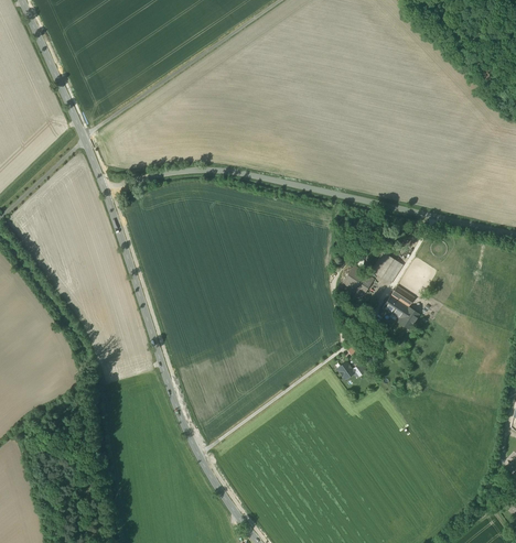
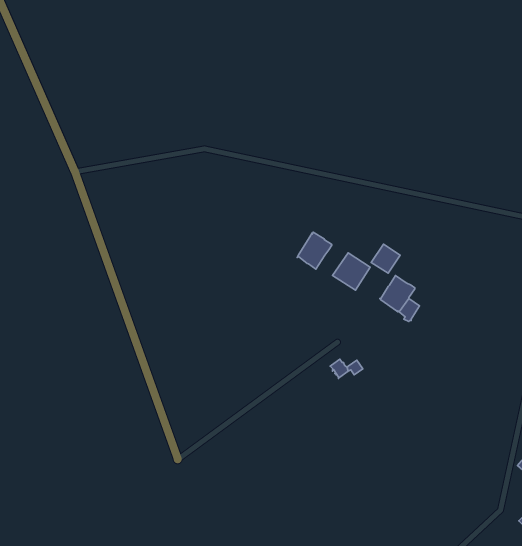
building: none -> [297,232,332,269]

